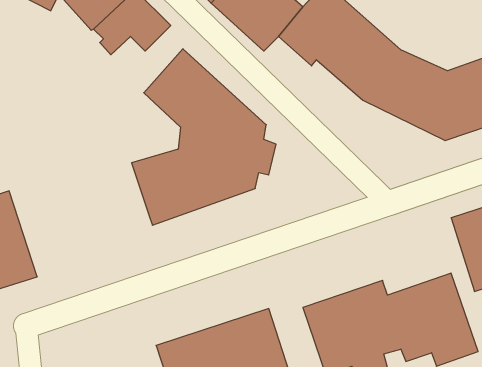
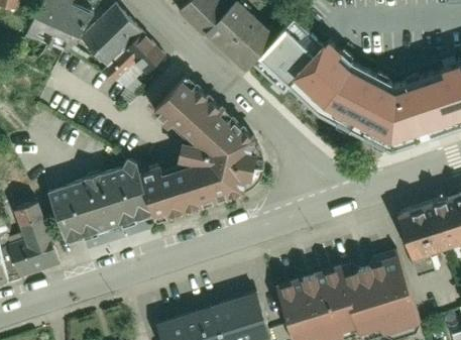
building: none -> [46,158,153,243]

